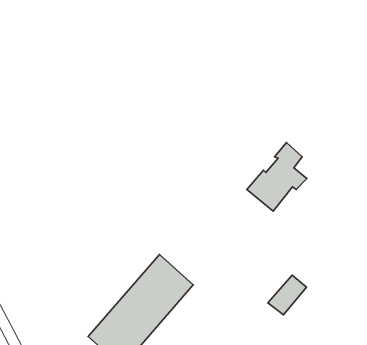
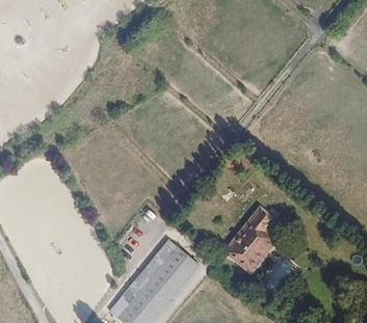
building: [247,142,307,211] -> [227,212,279,271]

